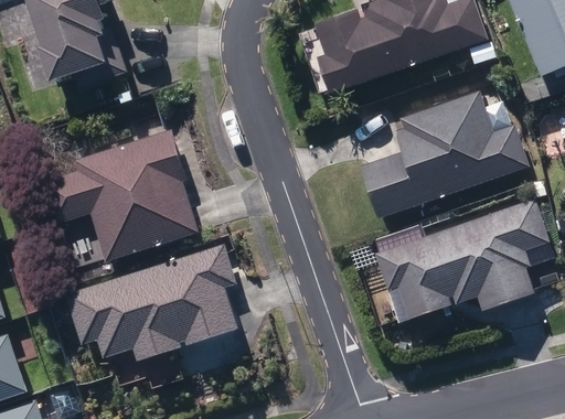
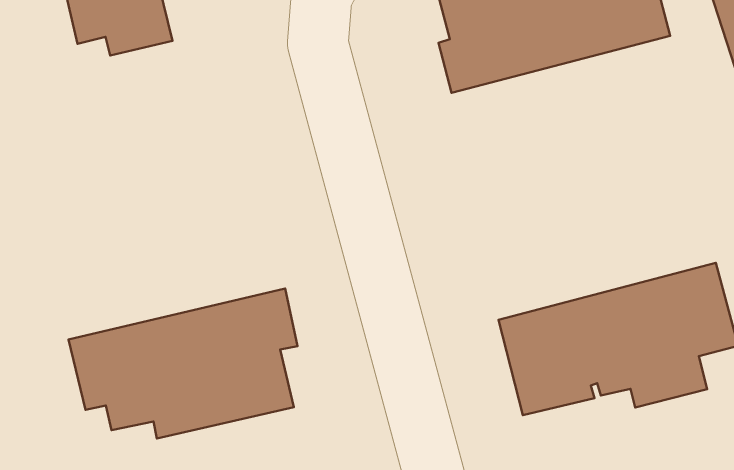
building: [362,93,527,217] -> none
building: [44,131,198,261] -> none

